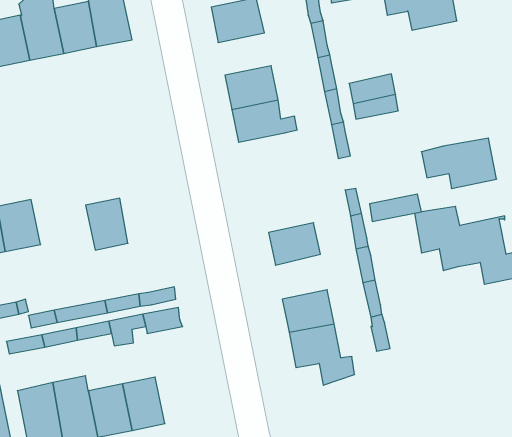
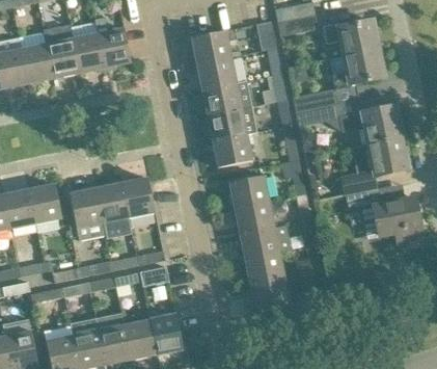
building: none -> [331,48,384,90]
building: none -> [196,57,237,89]
building: none -> [337,105,402,143]
building: none -> [212,133,252,167]
building: none -> [229,175,269,209]
building: none -> [121,178,155,217]
building: none -> [70,188,105,240]
building: none -> [240,223,292,260]
building: none -> [148,314,183,354]

